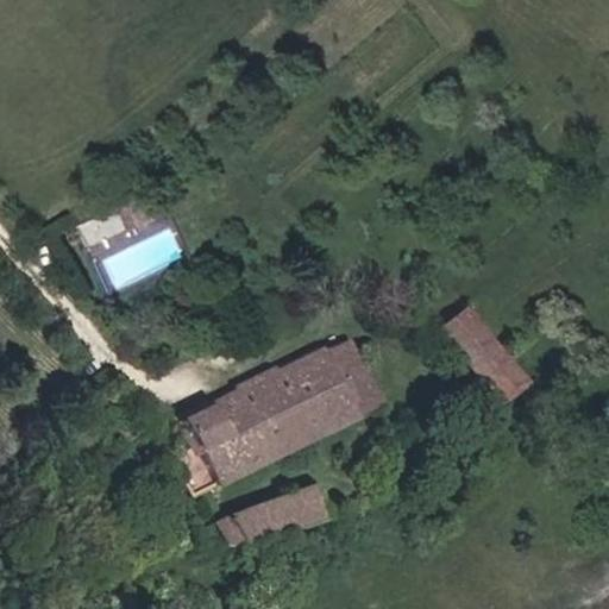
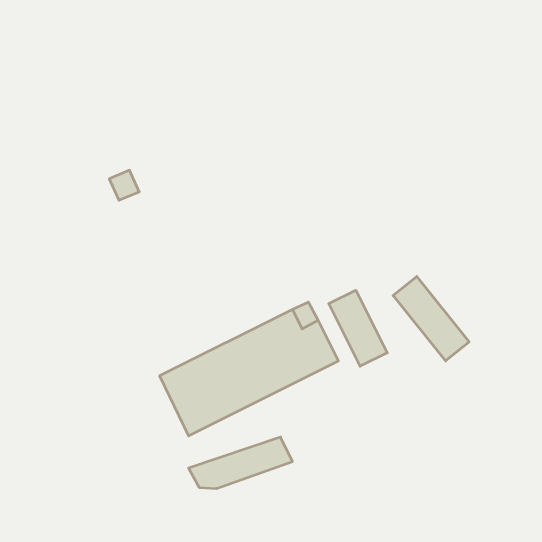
building: none -> [329,290,387,366]

